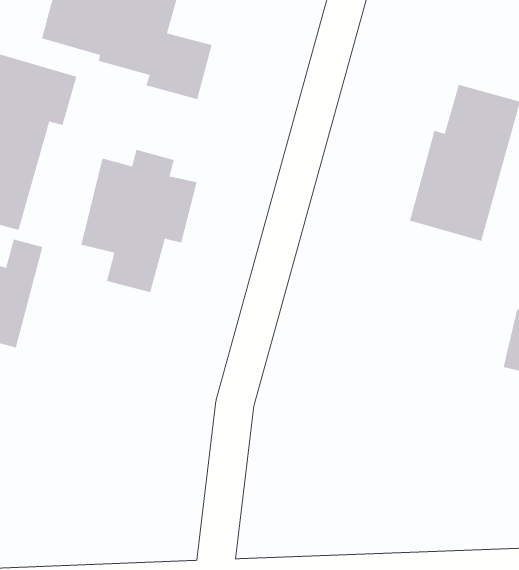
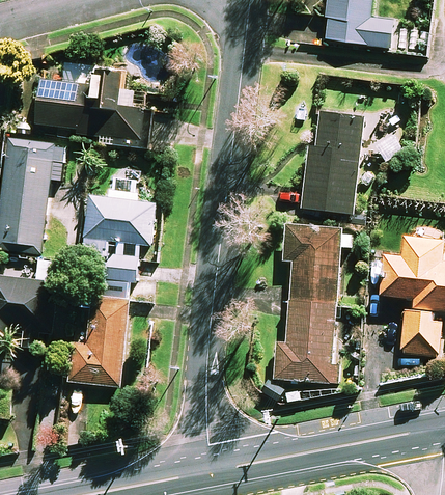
building: none -> [273,225,349,383]
building: none -> [69,299,128,386]

